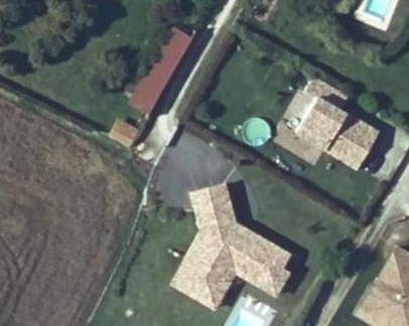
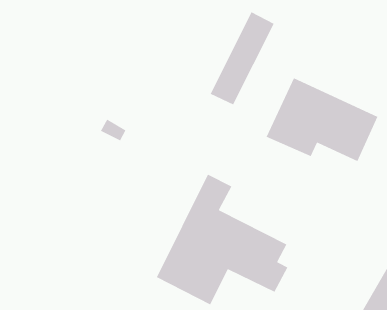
building: [129,22,192,114] -> [210,11,275,106]

